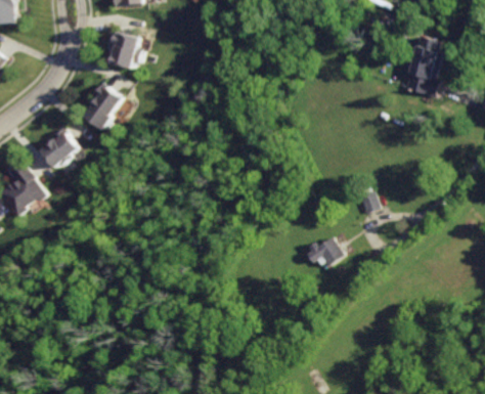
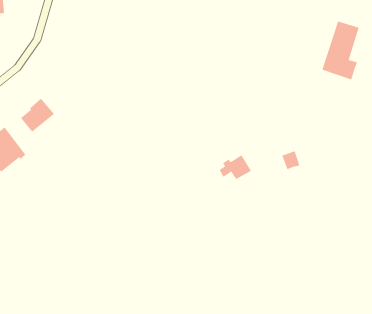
building: [104,31,140,69] -> none
building: [83,83,121,128] -> none
building: [303,235,343,266] -> [219,155,252,180]

